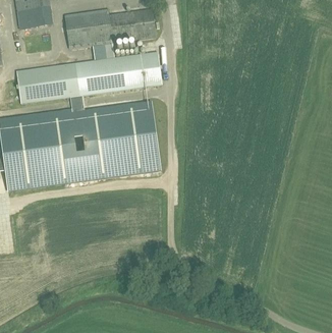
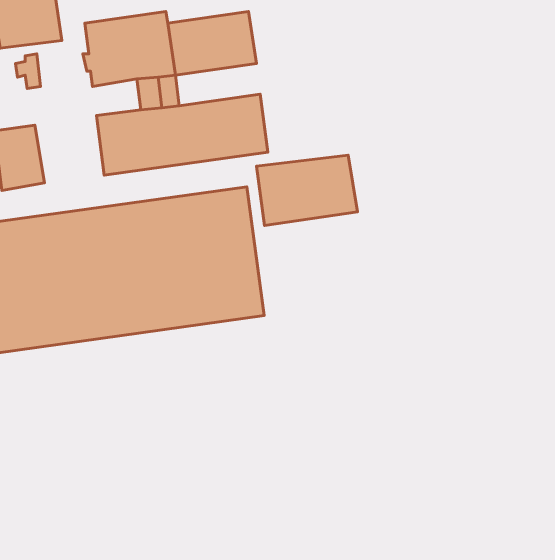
building: [38,63,74,99] -> none
building: none -> [256,155,357,225]

